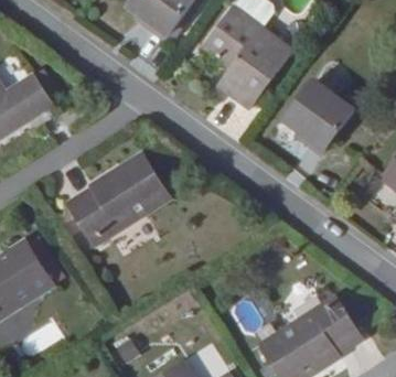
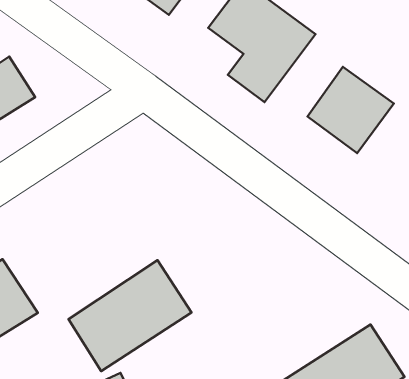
building: [69,152,173,246] -> [69,260,192,371]

